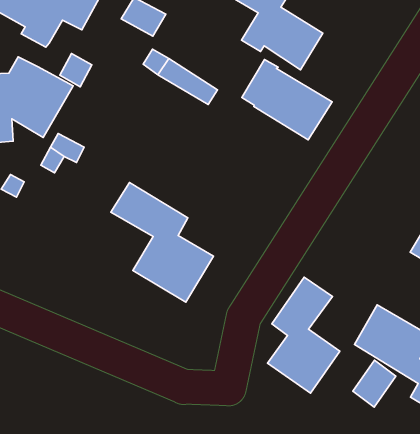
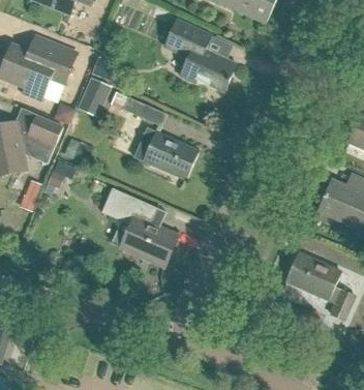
building: none -> [79,77,112,115]
building: [242,59,332,140] -> [134,126,199,179]
building: [268,277,340,393] -> none

